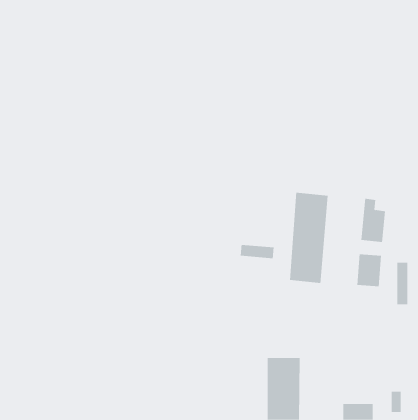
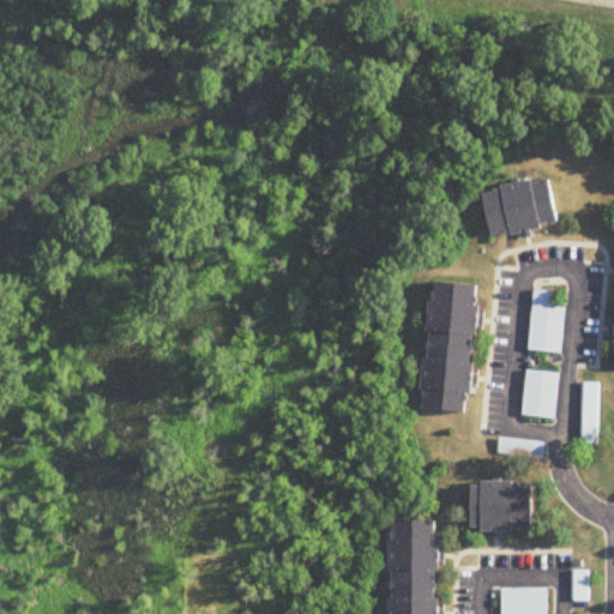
building: none -> [482,179,559,237]
building: [240,244,274,259] -> none
building: none -> [470,482,532,530]

